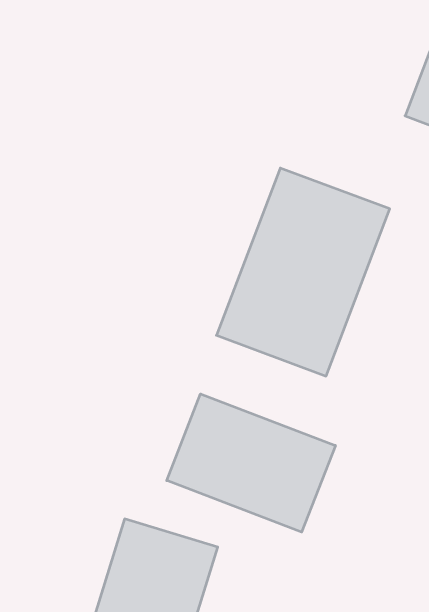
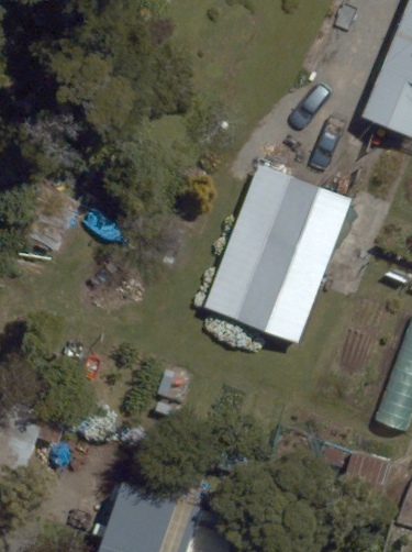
building: [167,394,335,532] -> none

